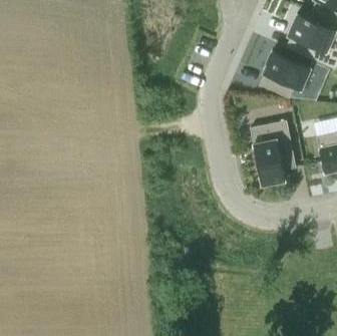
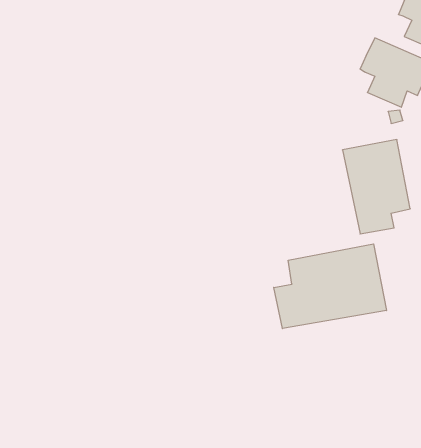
building: none -> [274,244,386,329]

